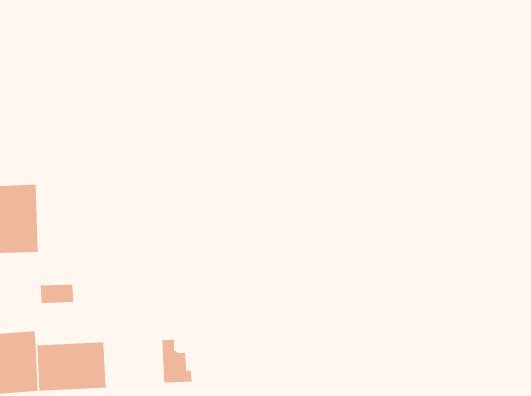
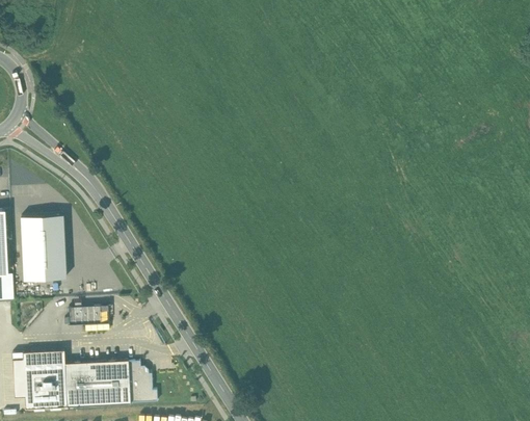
building: [161,339,192,383] -> [128,361,157,402]

